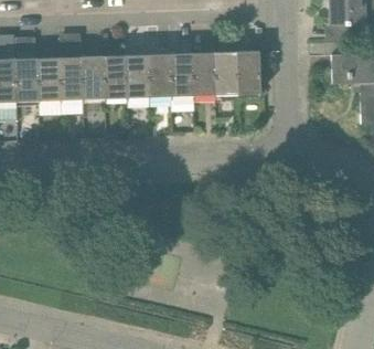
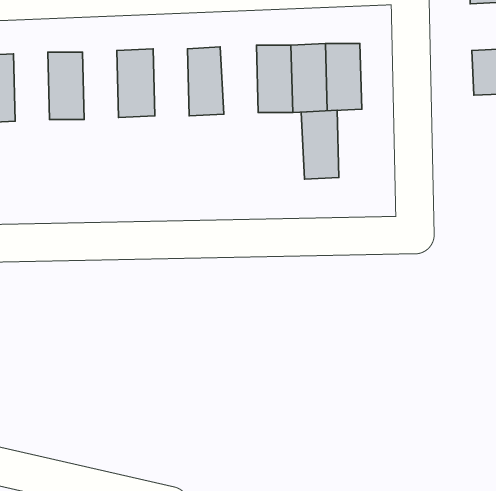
building: [170,52,194,96] -> [301,110,339,179]
building: [127,54,150,97] -> none
building: [82,55,105,99] -> none
building: [38,56,61,101] -> none

